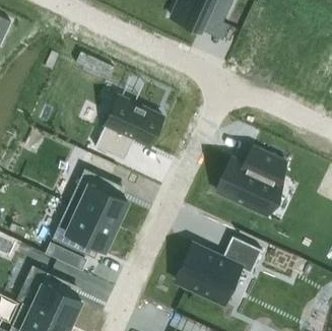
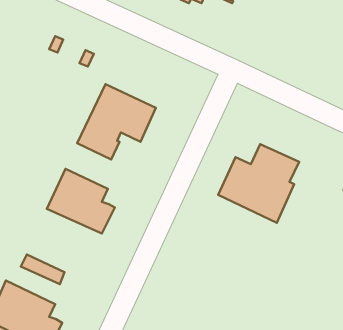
building: [53,204,117,257] -> none
building: [177,236,263,303] -> none

